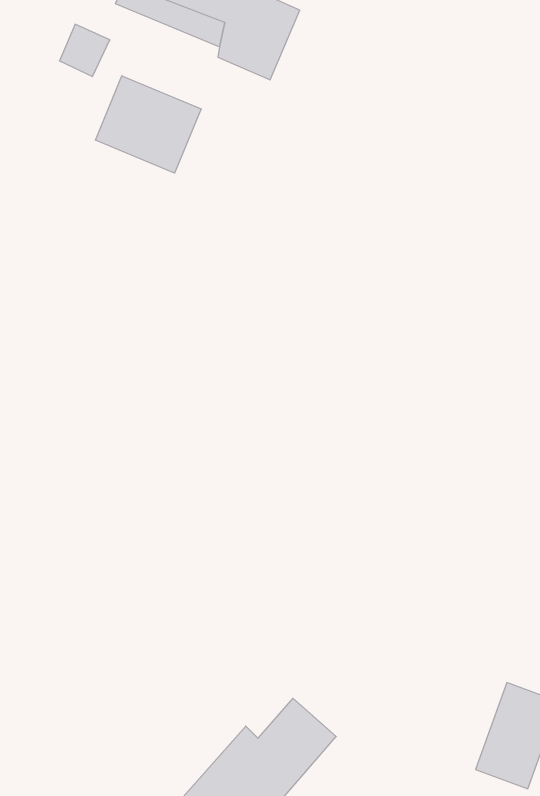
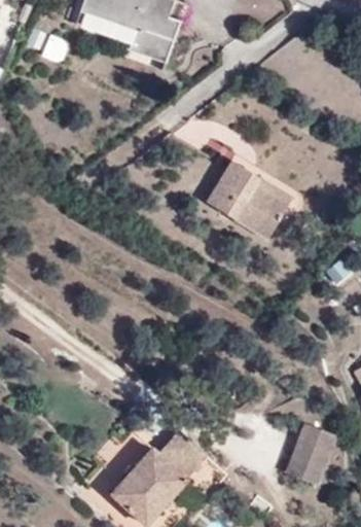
building: [95,76,201,173] -> none
building: none -> [206,160,289,238]

